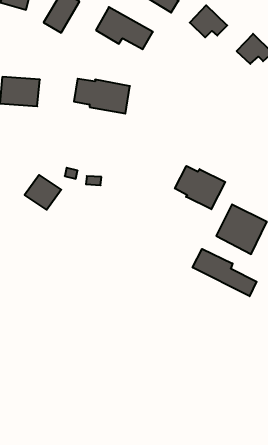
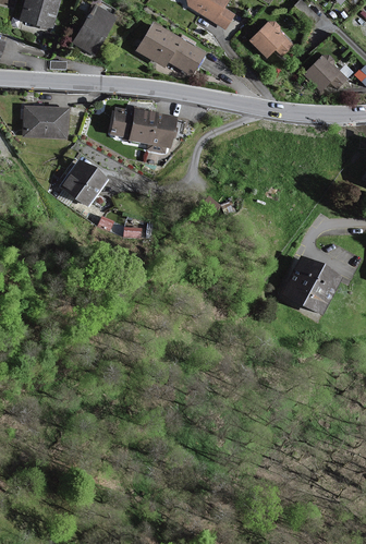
building: [175,166,225,209] -> none
building: [25,175,61,210] -> [61,161,105,203]
building: [193,249,257,296] -> none

